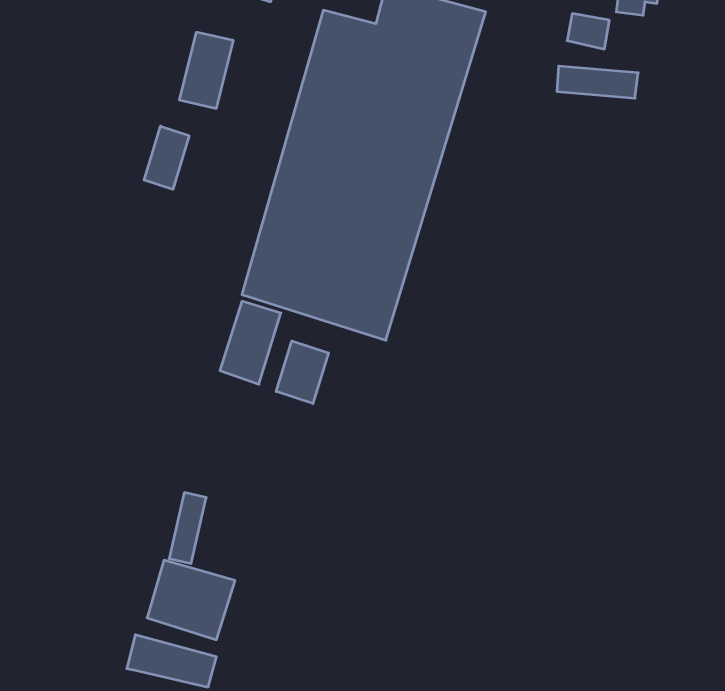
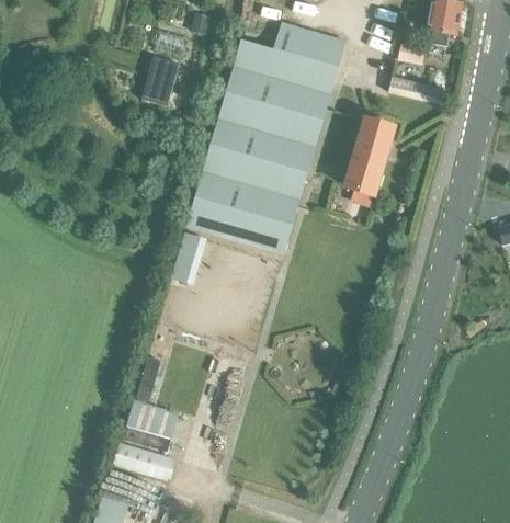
building: [144,126,189,189] -> none
building: none -> [345,117,395,194]
building: [276,341,329,404] -> none

